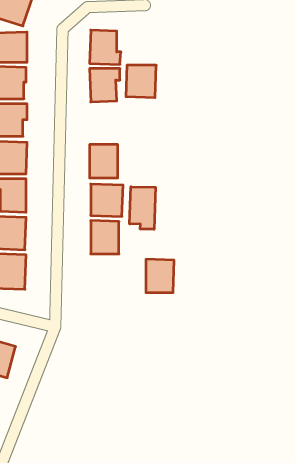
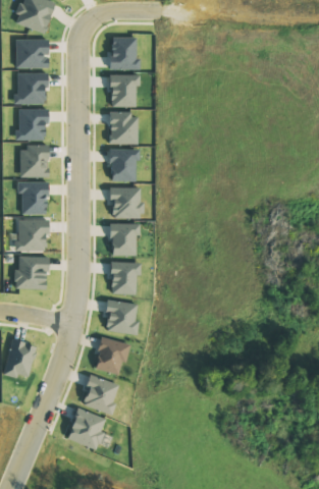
building: [126,65,156,98] -> [108,113,138,145]
building: [130,187,155,229] -> none
building: [146,259,174,293] -> [110,262,138,294]
building: none -> [103,300,139,336]
building: none -> [93,337,128,376]
building: none -> [82,374,120,415]
building: none -> [65,408,112,450]

